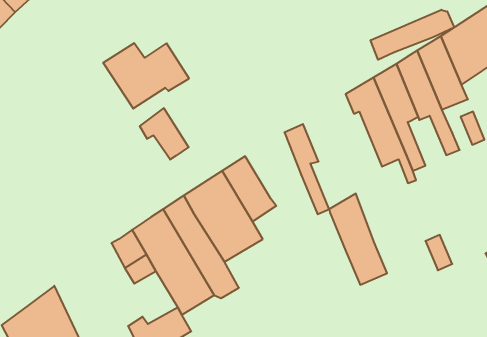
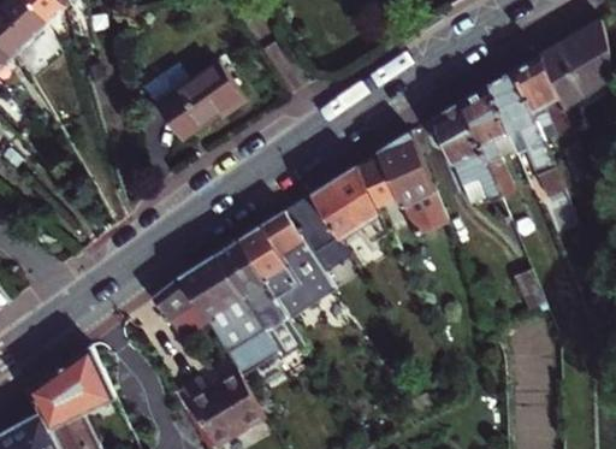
building: [371,10,454,60] -> none
building: [140,108,189,160] -> none
building: none -> [312,164,377,242]
building: [329,194,387,285] -> [378,132,445,238]

